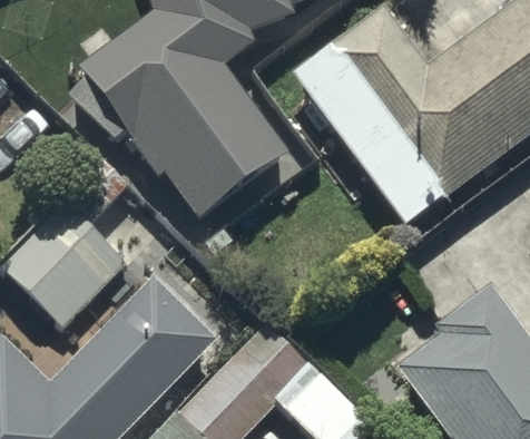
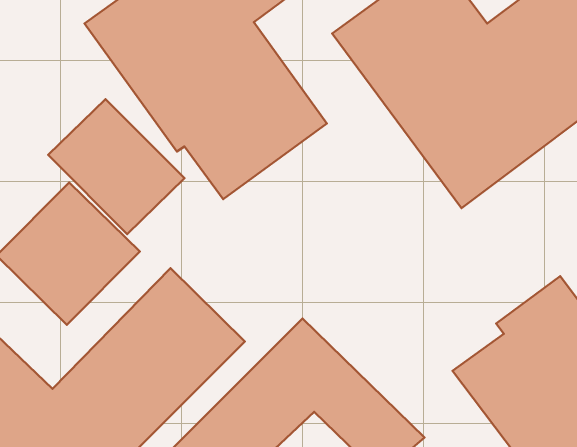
building: none -> [48,99,184,234]

